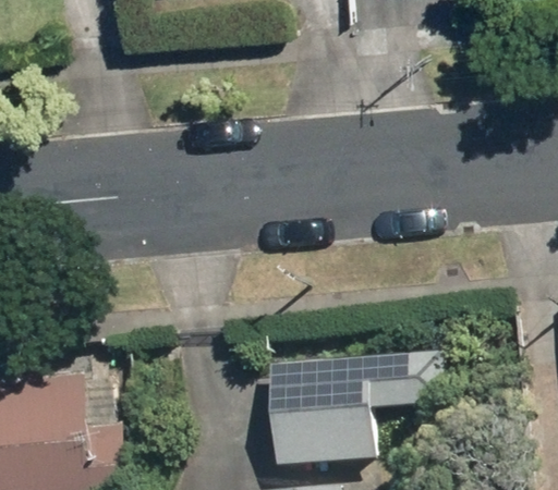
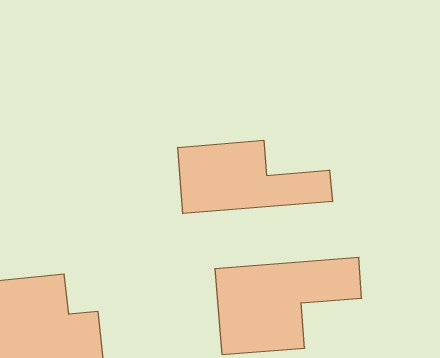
building: none -> [178,140,333,214]

